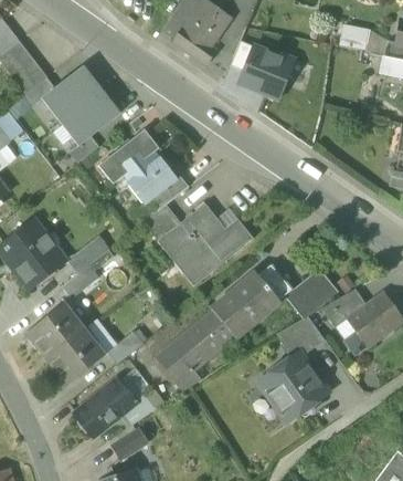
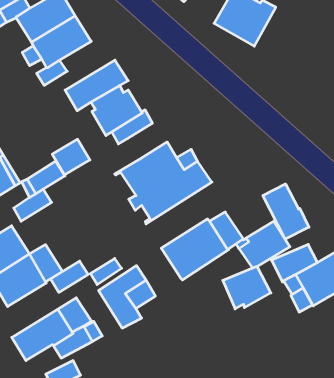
building: [144,205,181,241] -> [52,139,90,175]
building: none -> [263,184,309,239]
building: [190,310,235,356] -> none
building: [261,354,327,419] -> none

